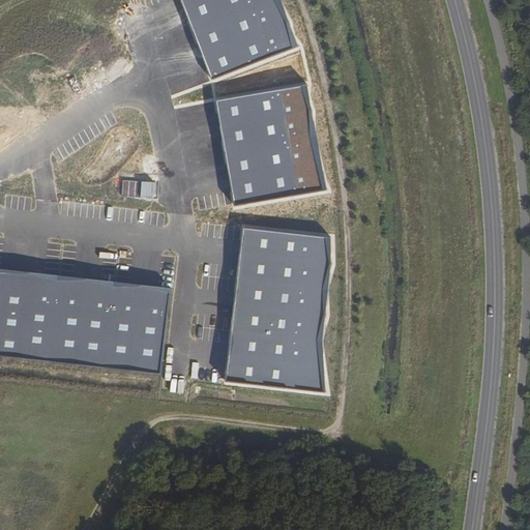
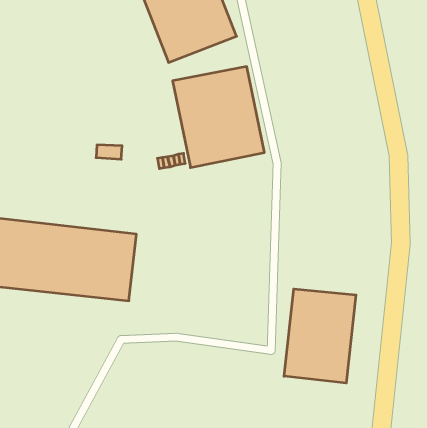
building: [227,225,335,388] -> none
building: none -> [284,289,356,383]

